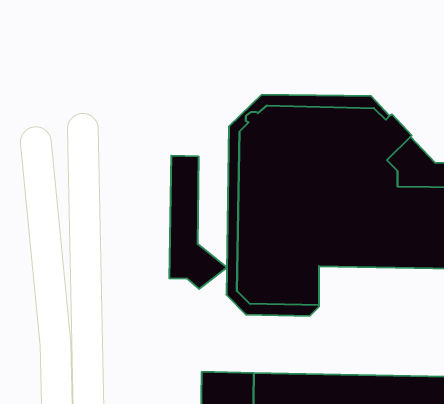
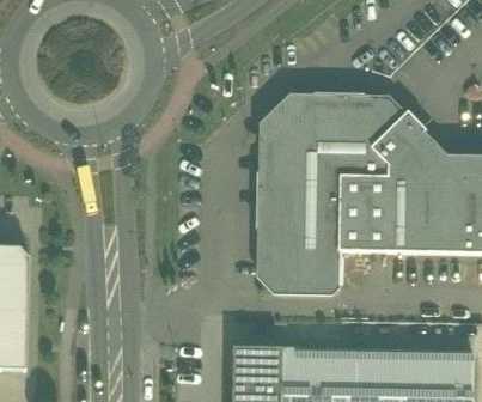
building: [169,156,227,289] -> none

